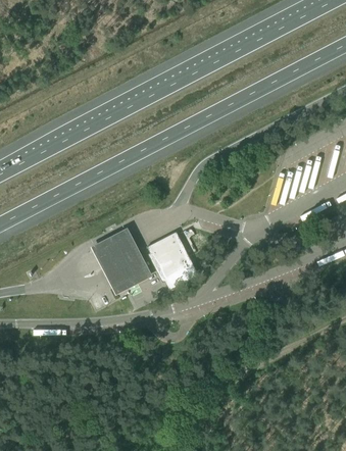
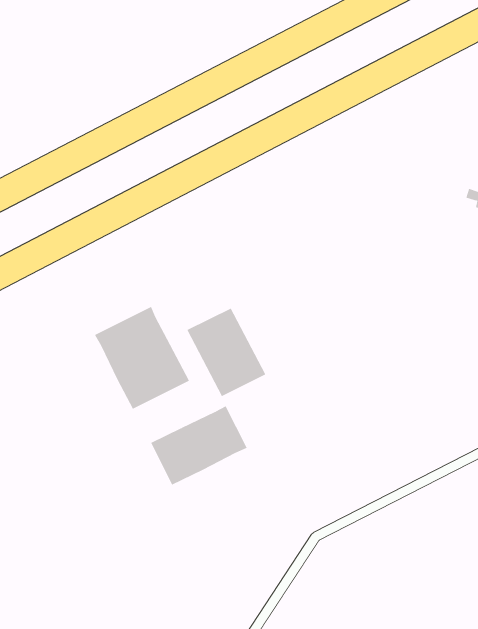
building: none -> [150,405,247,485]

